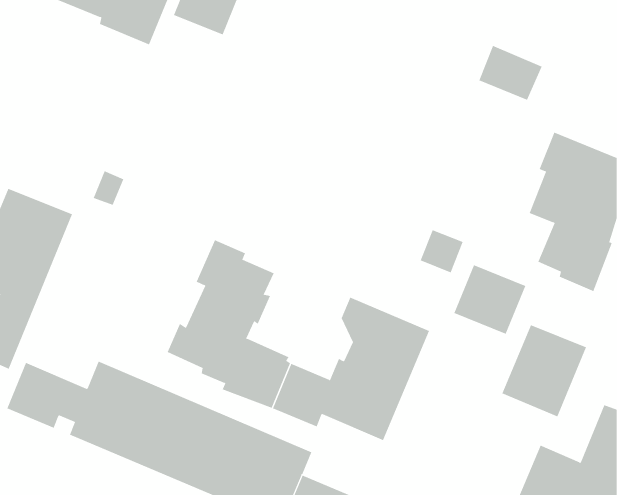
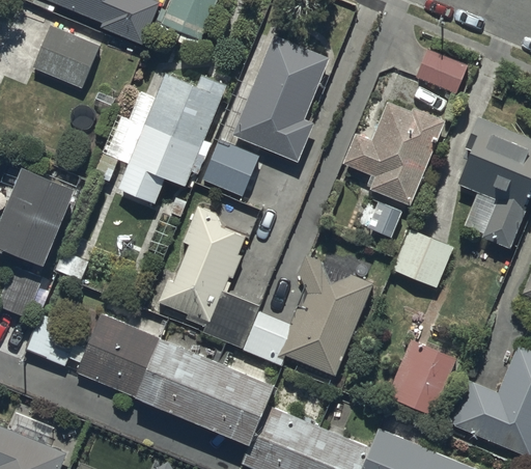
building: none -> [33,25,101,89]
building: none -> [232,34,329,162]
building: none -> [117,76,226,205]
building: none -> [342,101,445,205]
building: none -> [200,141,258,199]
building: [502,325,587,417] -> [388,339,458,416]

